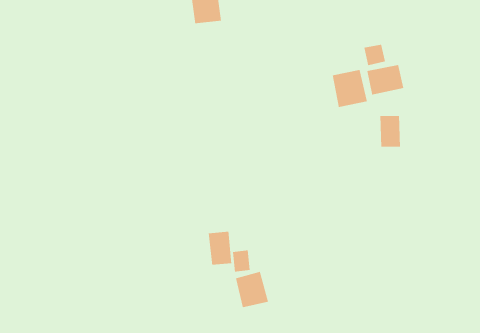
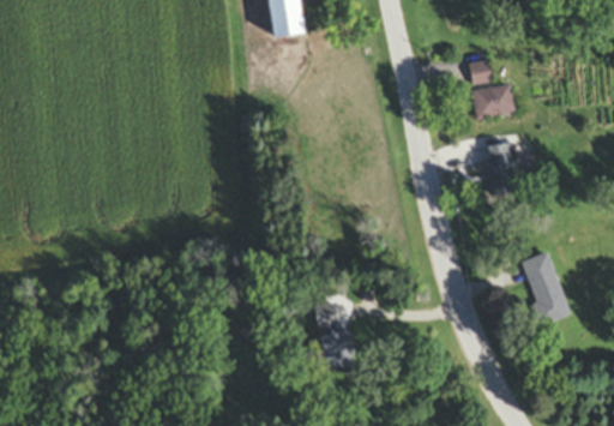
building: [332,69,368,108] -> none
building: none -> [524,252,570,324]
building: [208,231,232,266] -> none

